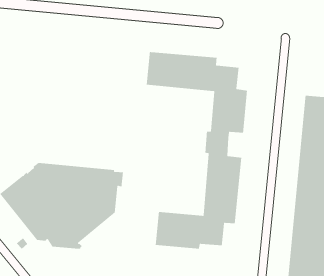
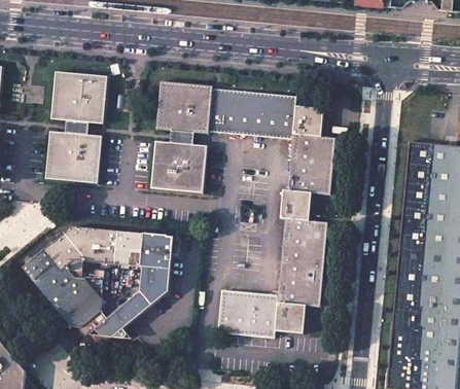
building: none -> [45,69,110,184]
building: none -> [151,79,215,192]

